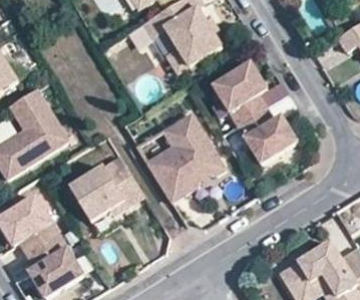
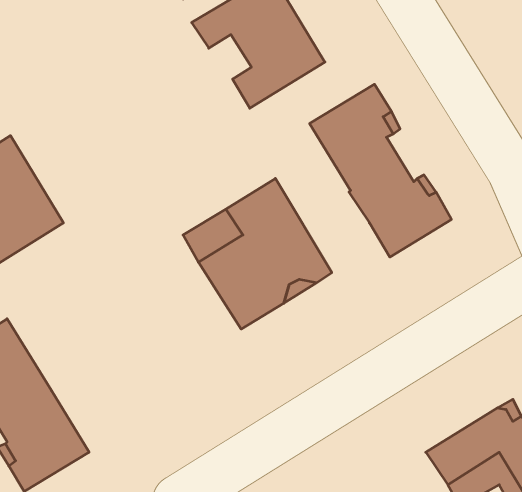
building: [69,157,143,222] -> none

